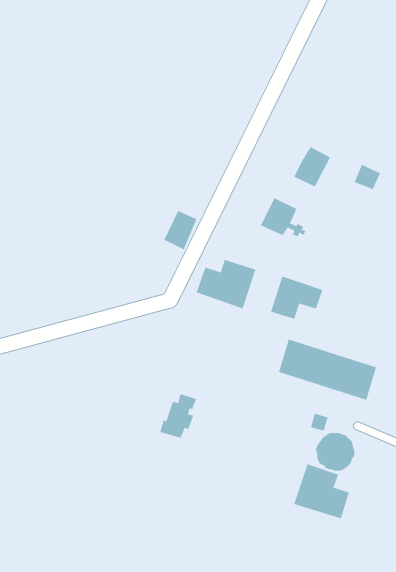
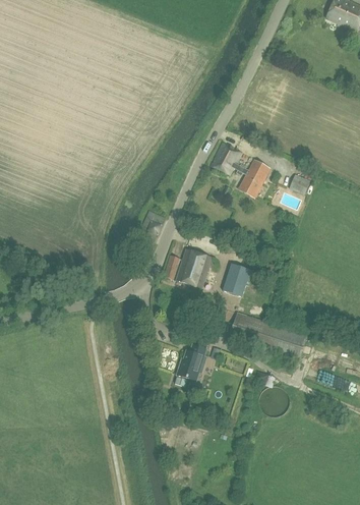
building: [260,197,306,237] -> [212,143,248,174]
building: [159,394,197,439] -> [177,343,206,379]
building: [293,464,349,519] -> none

